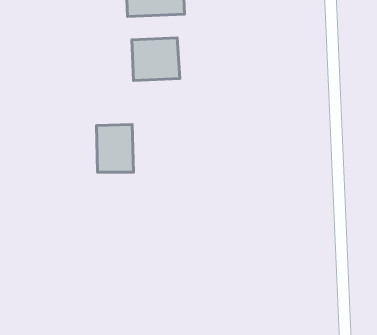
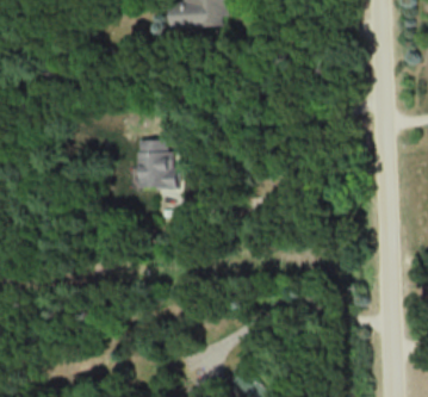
building: [132,38,180,81] -> none

